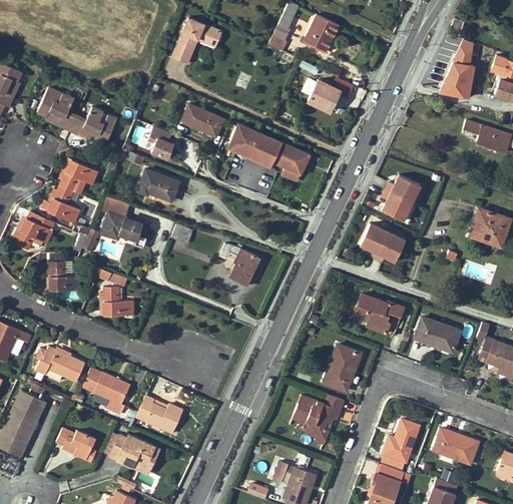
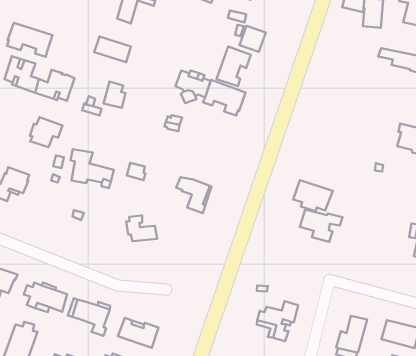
building: none -> [7,23,52,57]
building: none -> [216,46,251,86]
building: [181,104,223,136] -> [94,36,131,62]
building: [138,170,178,201] -> none
building: [384,173,422,218] -> none
building: [41,185,80,223] -> none
building: [361,223,407,261] -> [293,180,333,211]
building: [47,262,79,291] -> none
building: [100,288,133,316] -> [126,215,157,241]
building: [415,318,460,353] -> none
building: [323,345,361,391] -> none

